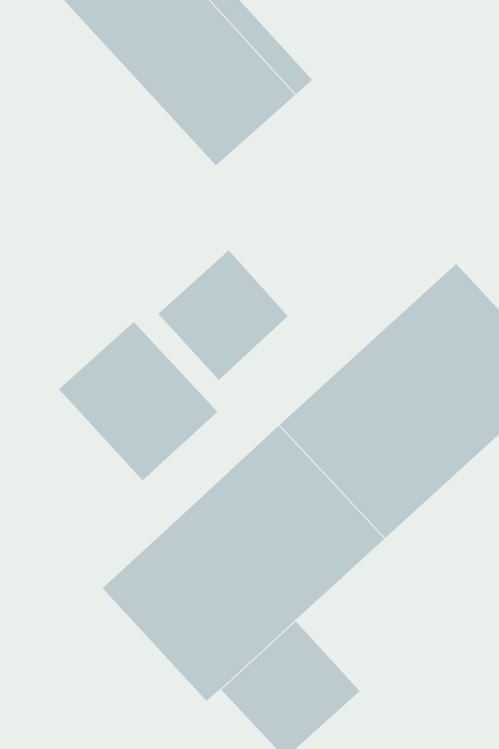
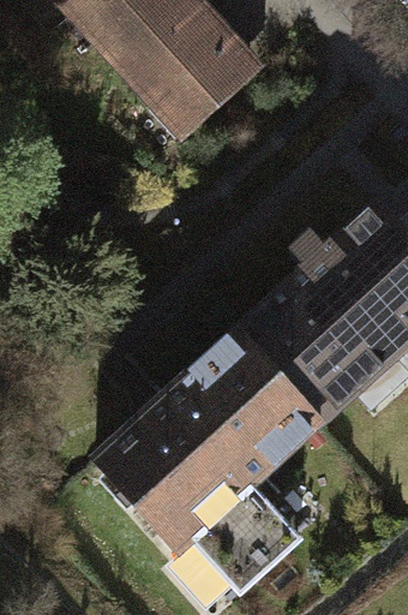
building: [158,249,288,381] -> none
building: [58,321,218,481] -> none

